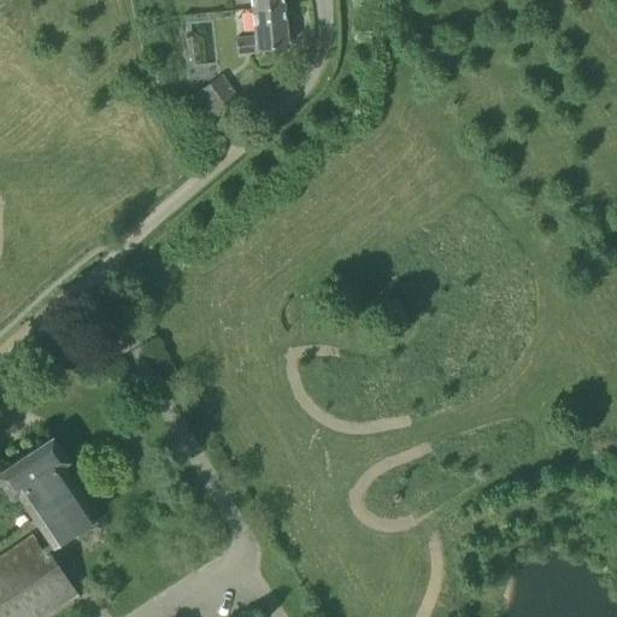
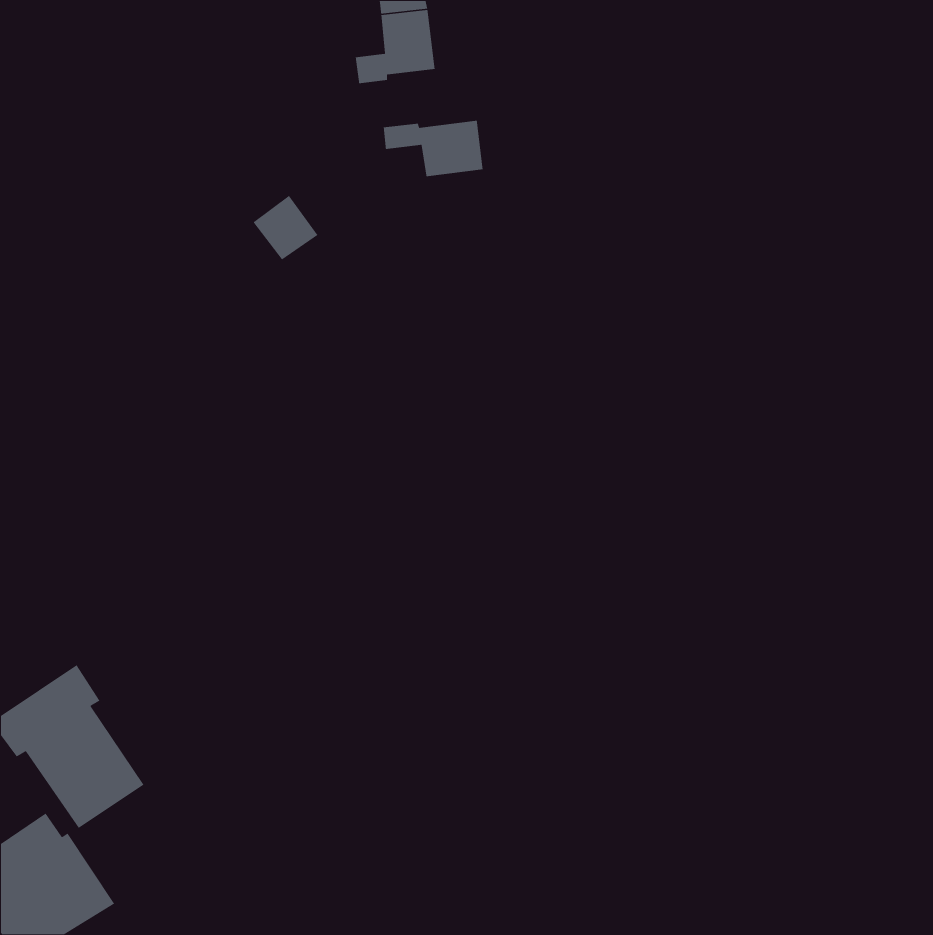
building: [196,75,240,118] -> [253,195,319,261]
building: none -> [383,120,484,177]

